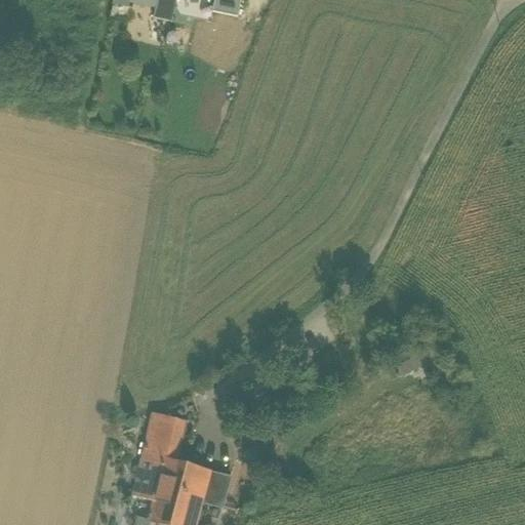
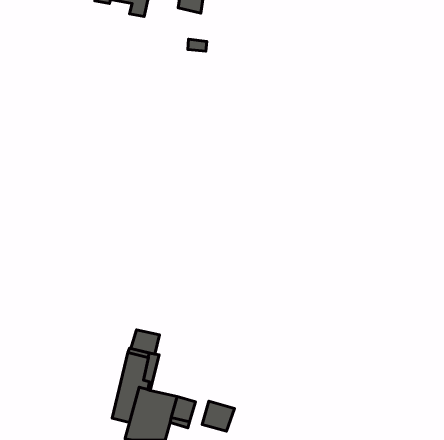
building: none -> [131,330,159,354]
building: none -> [202,401,234,431]

